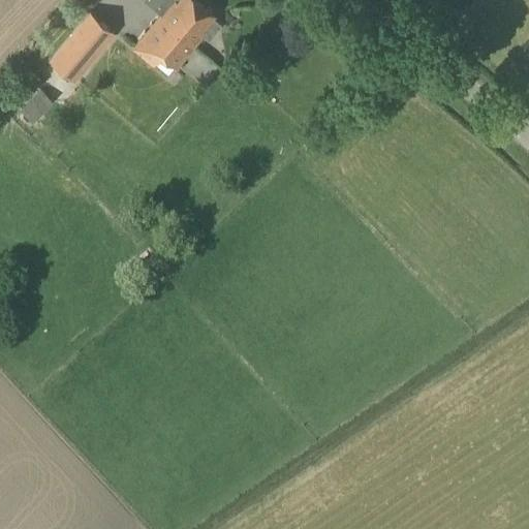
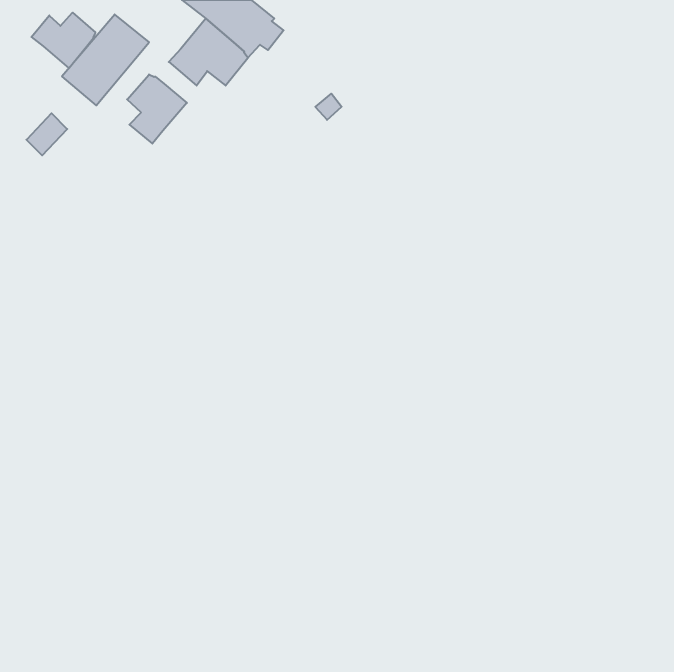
building: none -> [31,13,95,68]
building: none -> [127,74,187,144]

